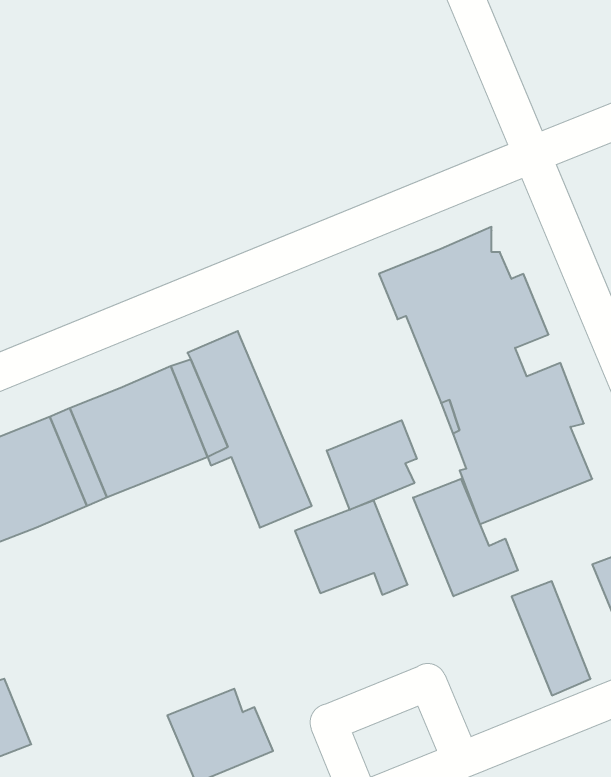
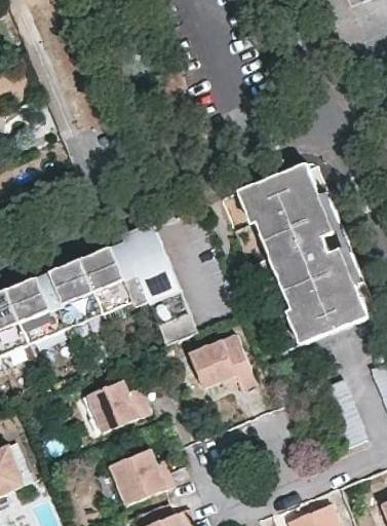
building: [327,420,417,510] -> none
building: [413,479,518,596] -> none
building: none -> [85,377,150,434]

